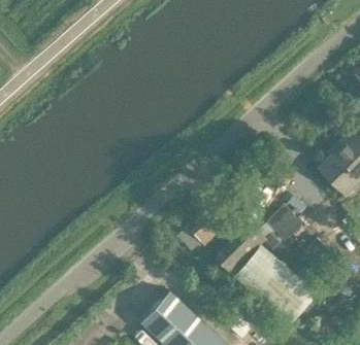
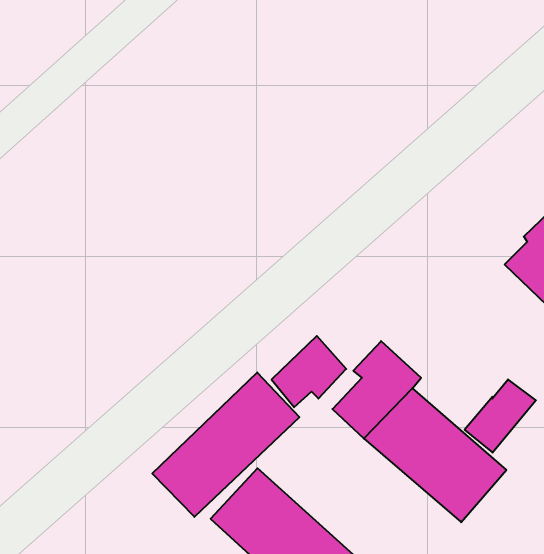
building: [267,206,301,240] -> none
building: none -> [152,372,299,517]

